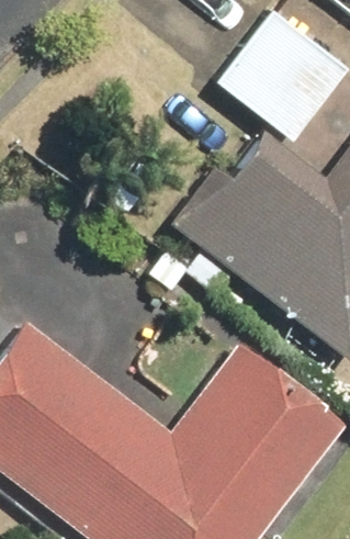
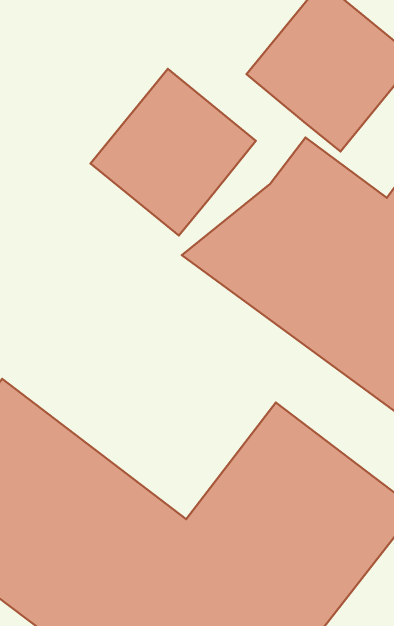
building: none -> [91,69,256,236]

